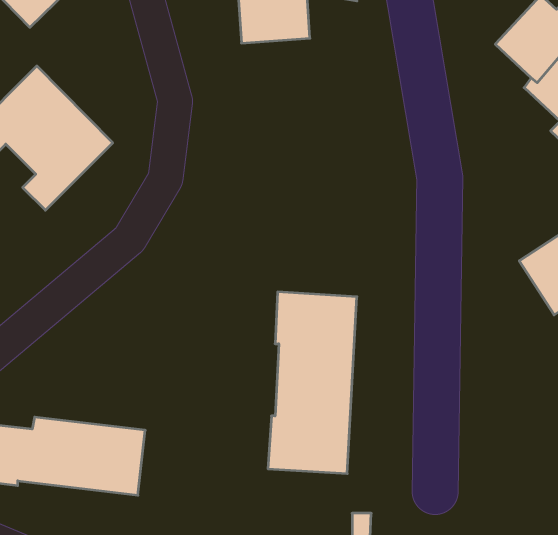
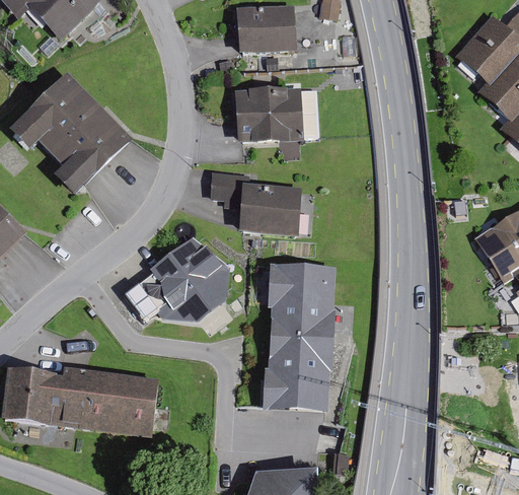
building: none -> [234,84,318,141]
building: none -> [210,169,301,233]
building: none -> [124,234,230,321]

